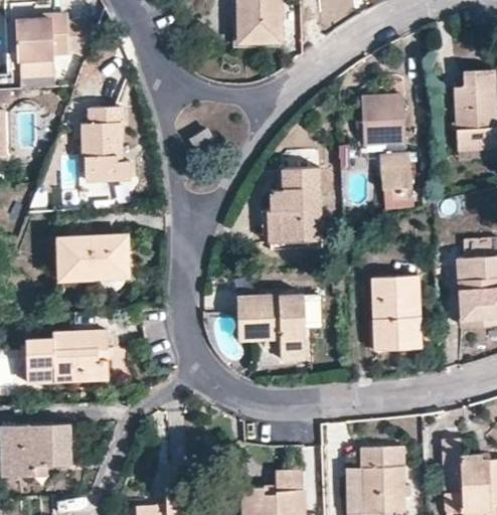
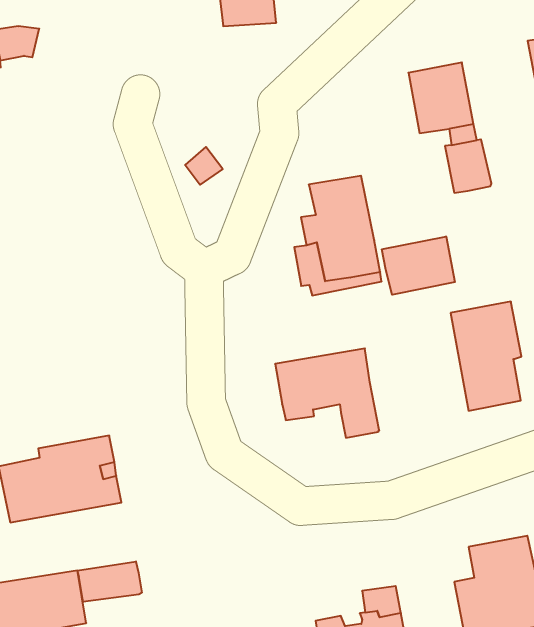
building: [85,103,130,177] -> none
building: none -> [382,236,455,295]
building: [54,233,126,285] -> none
building: none -> [77,561,142,602]

